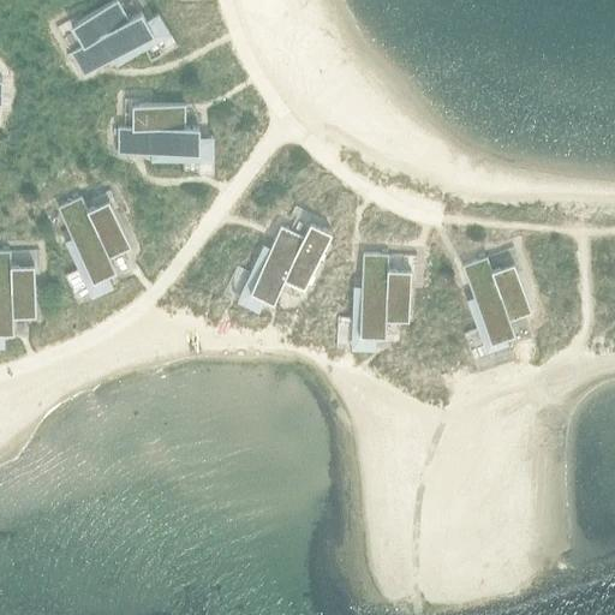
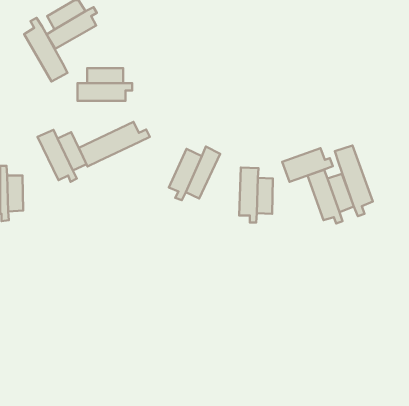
building: none -> [24,18,68,81]
building: none -> [79,122,150,166]
building: none -> [335,146,373,216]
building: none -> [282,148,333,182]

